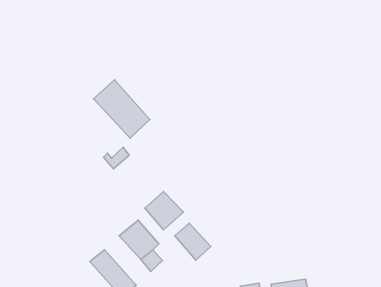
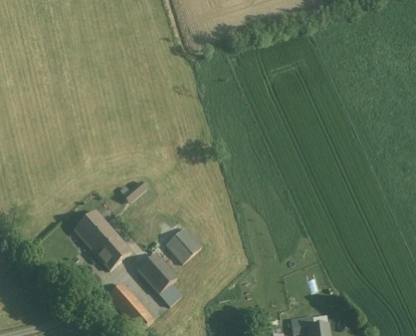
building: [94,80,150,138] -> [73,210,131,269]
building: [175,223,211,260] -> none

